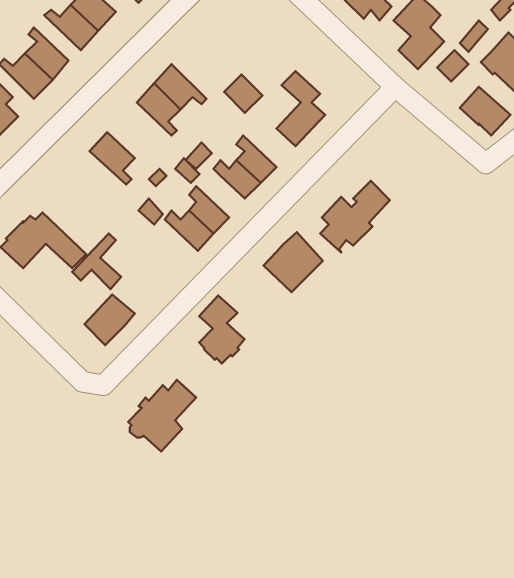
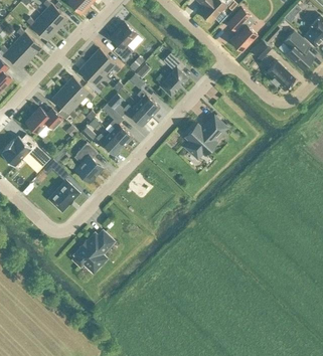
building: none -> [111,22,137,60]
building: none -> [62,77,94,103]
building: none -> [25,107,62,133]
building: [264,232,323,292] -> none
building: [199,295,244,363] -> [75,142,102,181]

